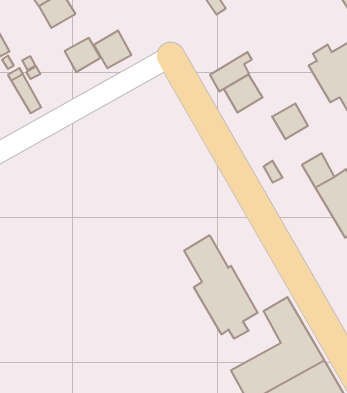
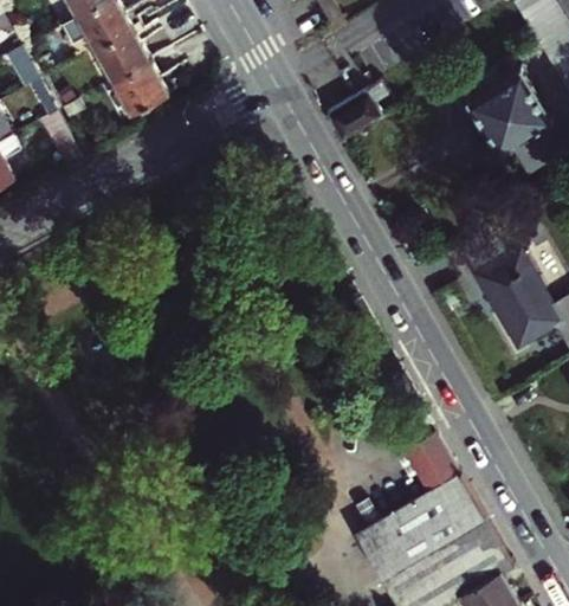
building: [94,30,131,68] -> [101,31,154,84]
building: [224,74,263,113] -> none
building: [272,103,308,139] -> none
building: [184,235,258,339] -> none

